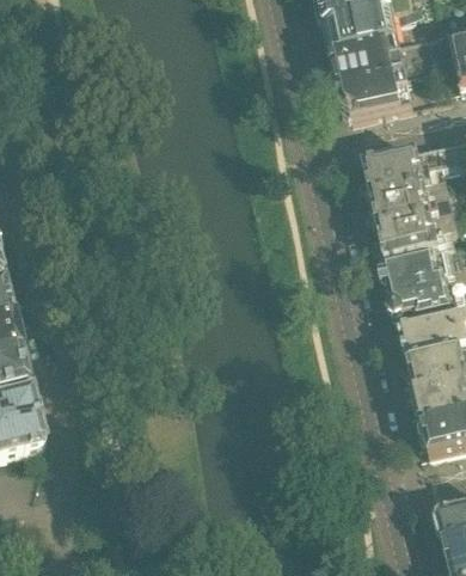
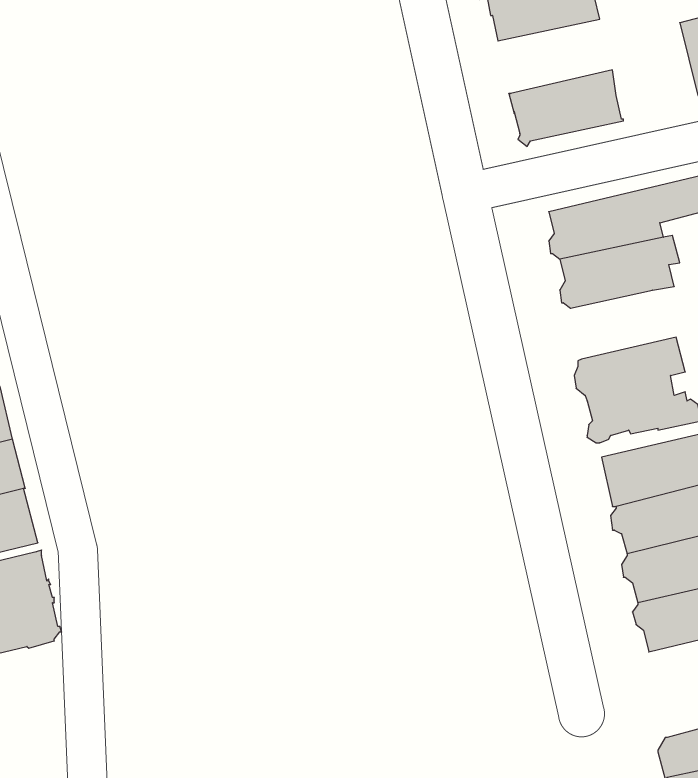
building: [331,36,406,85] -> none
building: [379,210,456,259] -> none

